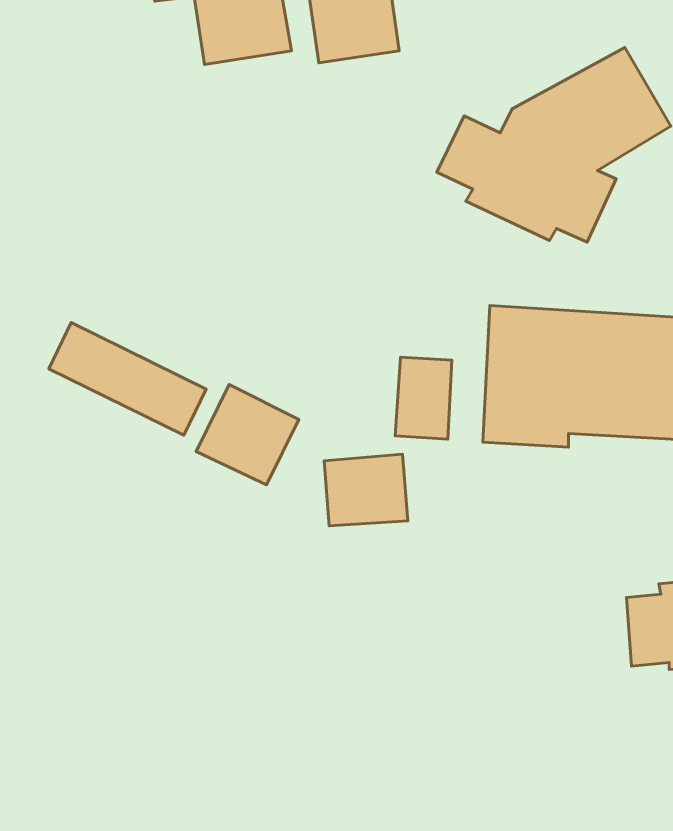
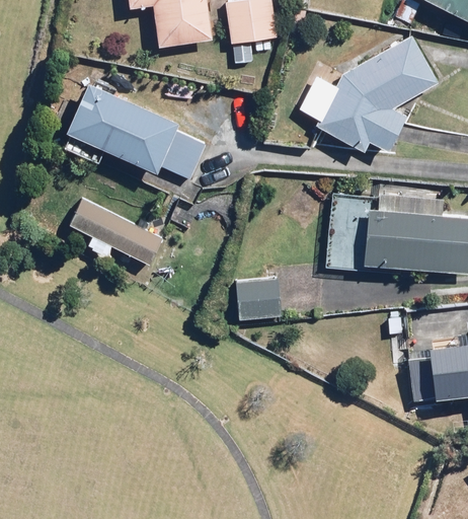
building: none -> [64,83,206,180]
building: [395,357,452,439] -> none
building: [196,384,299,485] -> none

